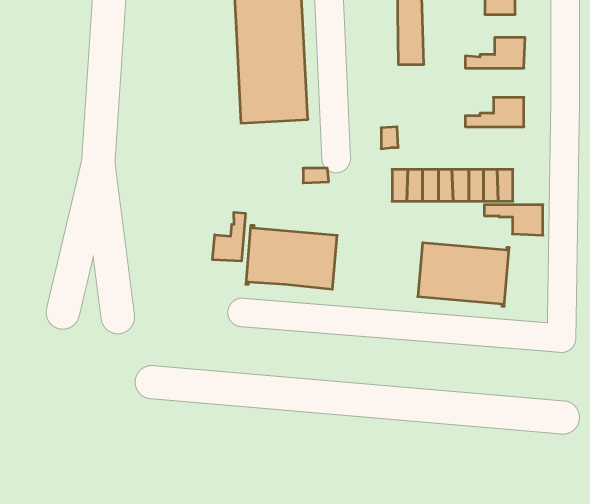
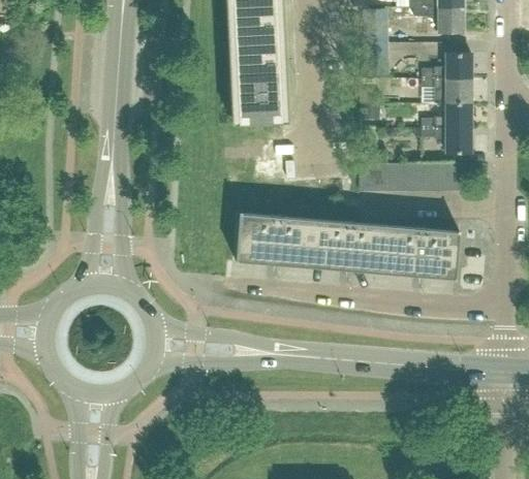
building: none -> [422,78,471,103]
building: [484,205,543,235] -> [422,128,471,154]
building: [213,212,245,261] -> none
building: none -> [309,220,385,272]

